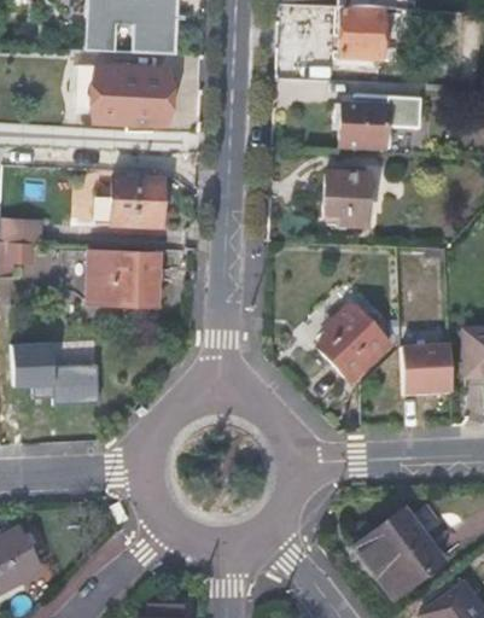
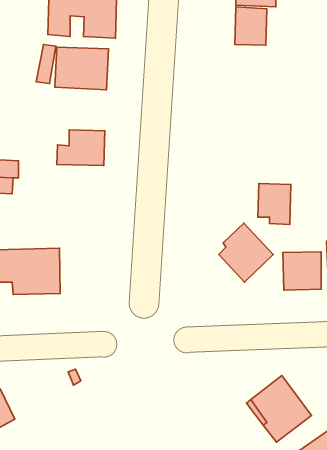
building: [334,99,418,152] -> none
building: [323,174,368,229] -> [258,184,291,224]
building: [83,249,162,307] -> none

